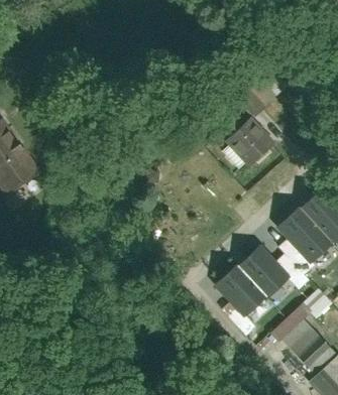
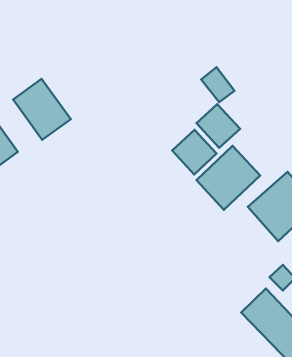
building: none -> [13,79,71,140]
building: none -> [172,130,216,174]
building: [220,248,288,315] -> [196,146,260,210]

